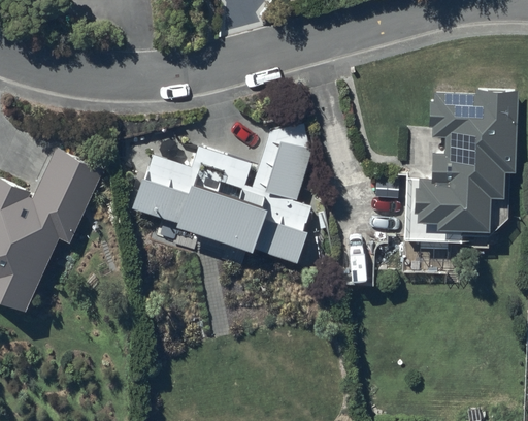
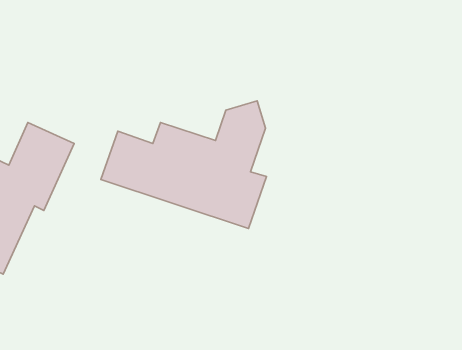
building: [416,88,519,233] -> none

